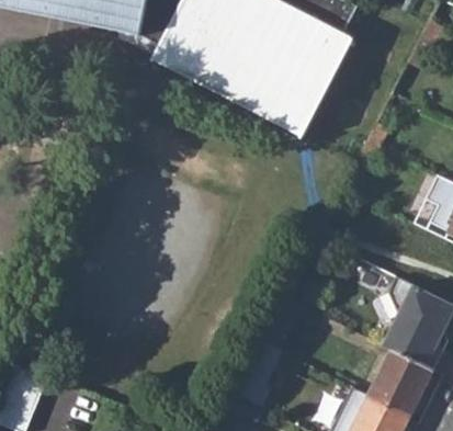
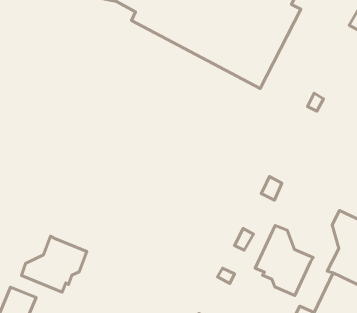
building: none -> [255,226,313,296]
building: none -> [21,236,87,292]

